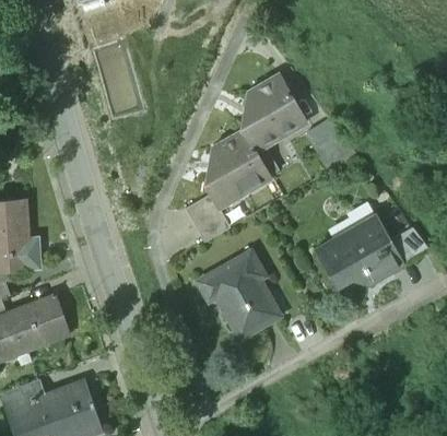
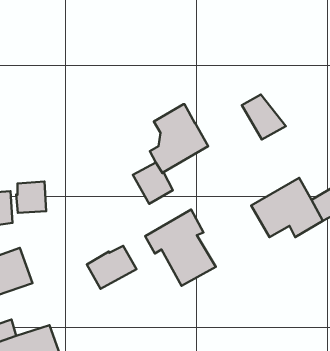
building: [238,73,306,152] -> none
building: none -> [16,182,46,213]
building: none -> [87,246,137,289]

